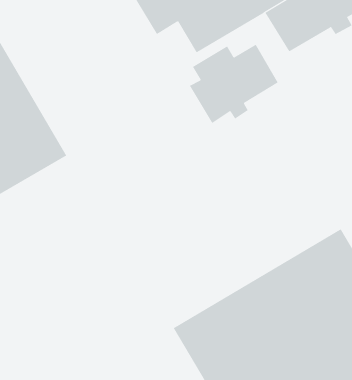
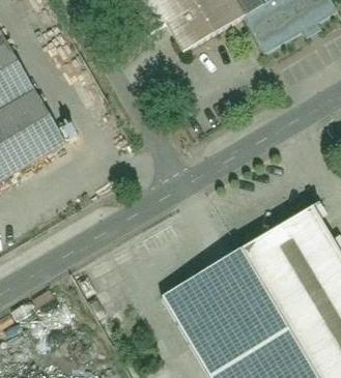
building: [189,44,278,124] -> none

